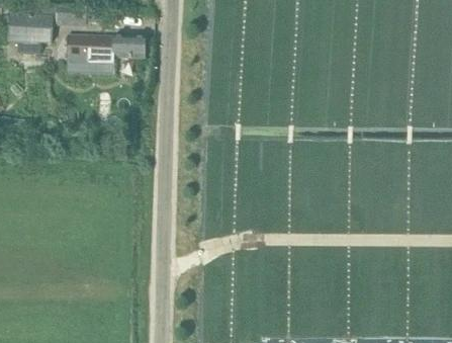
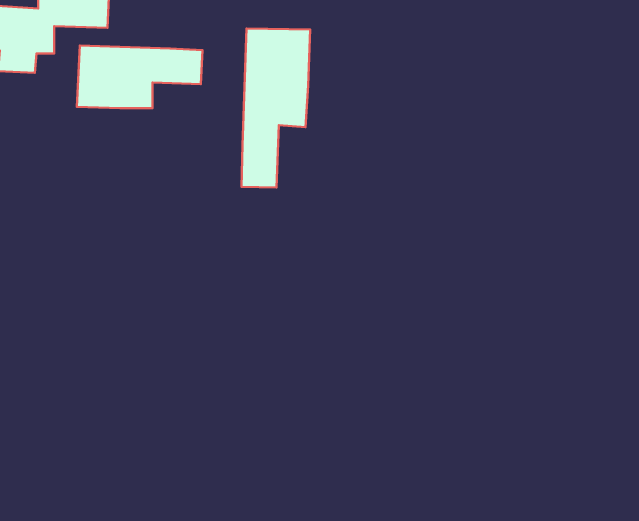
building: none -> [241,28,310,188]

